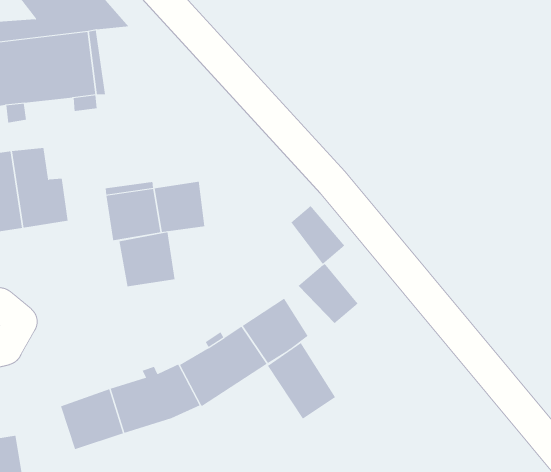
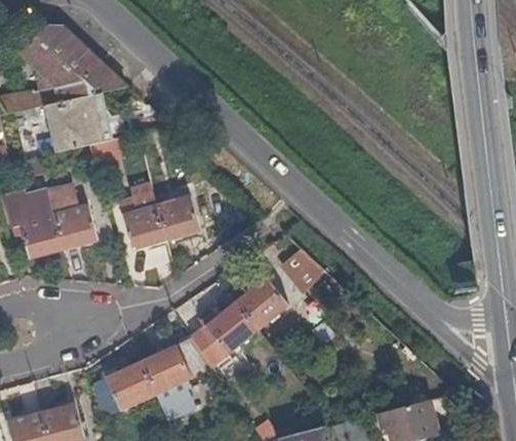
building: [290,205,345,265] -> none
building: [119,232,175,287] -> none
building: [267,342,336,420] -> none

